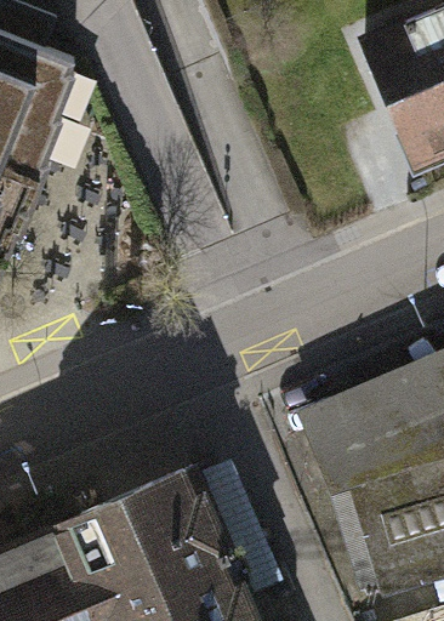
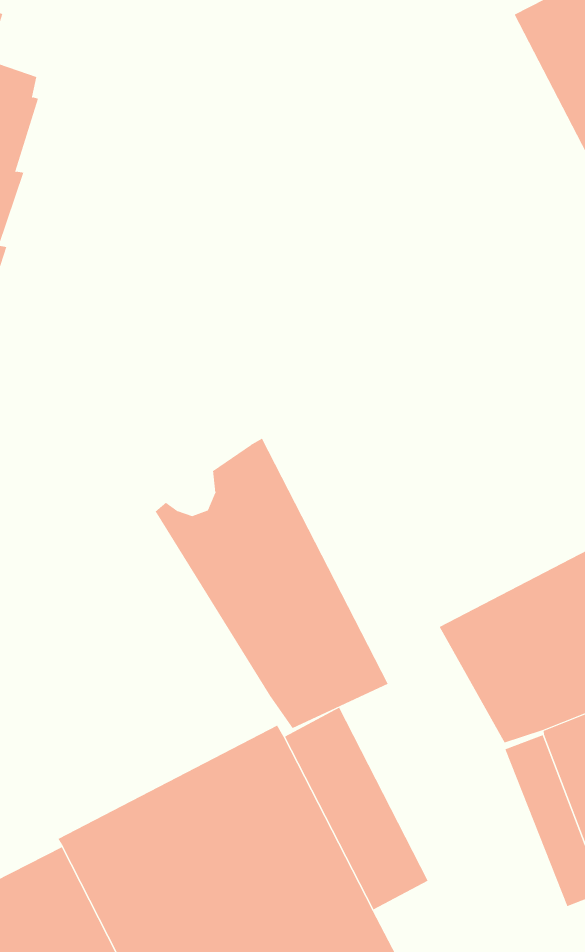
building: none -> [155,438,388,729]

